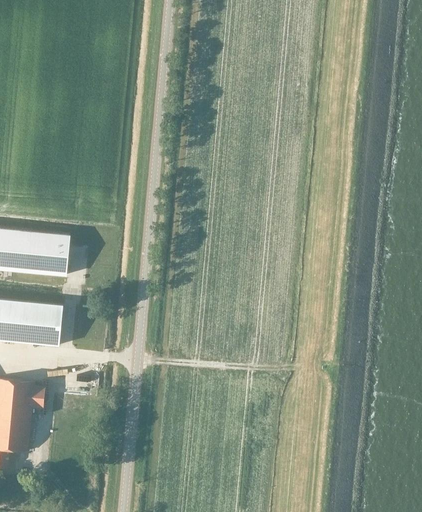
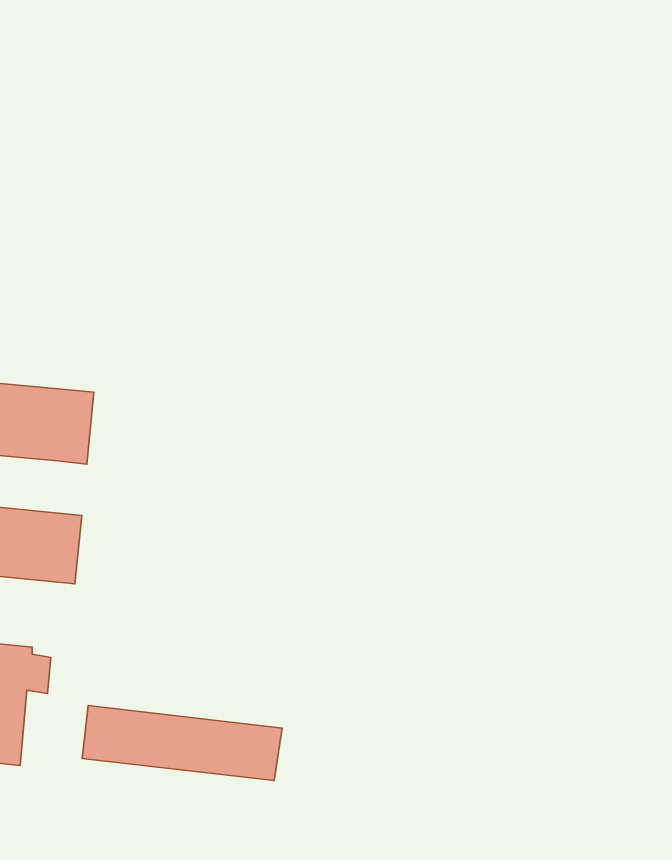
building: none -> [82,706,282,780]

